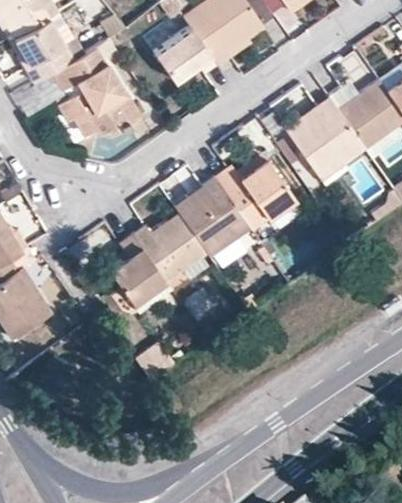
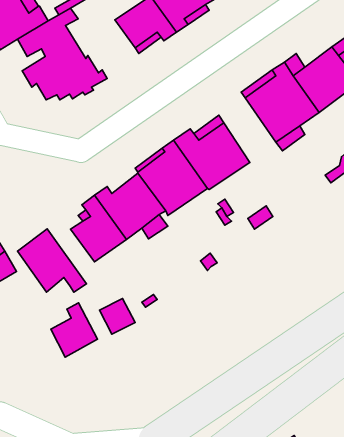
building: none -> [17,229,87,292]
building: none -> [51,303,97,357]

